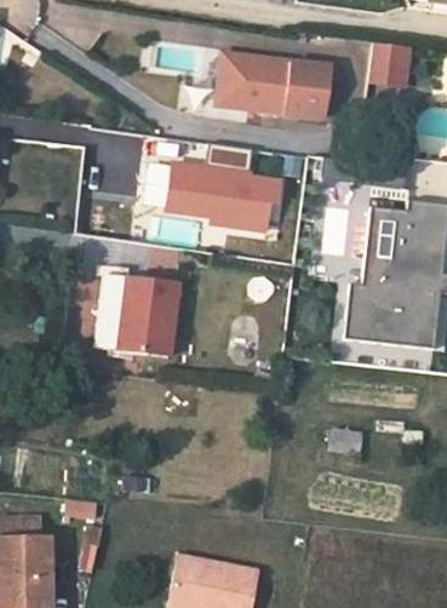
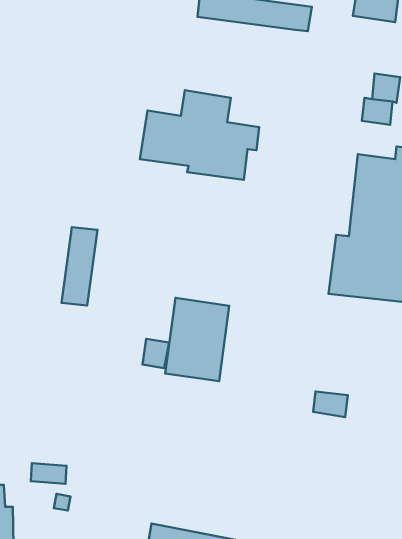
building: [219,78,315,116] -> none
building: [119,279,179,357] -> [165,298,229,381]

